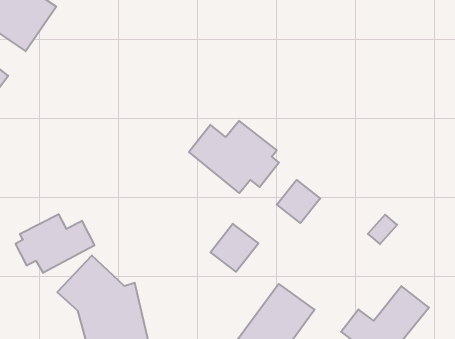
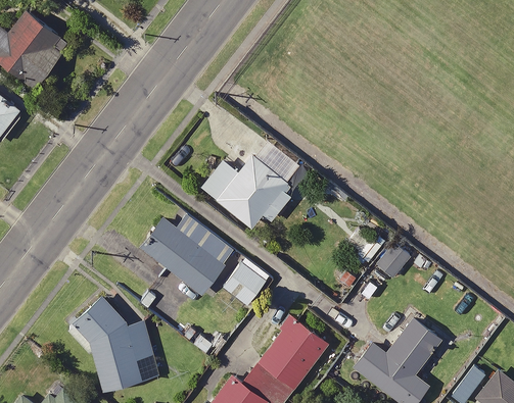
building: [277,180,320,223] -> none
building: none -> [141,216,234,295]
building: [16,214,94,273] -> none

